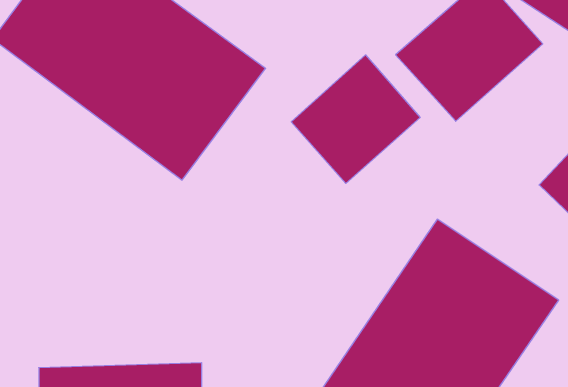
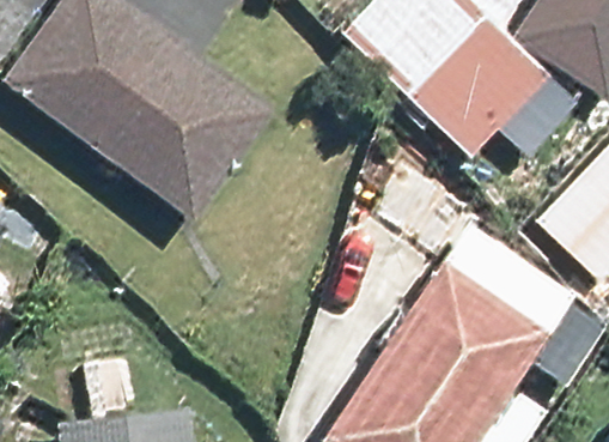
building: [291,55,420,183] -> none

